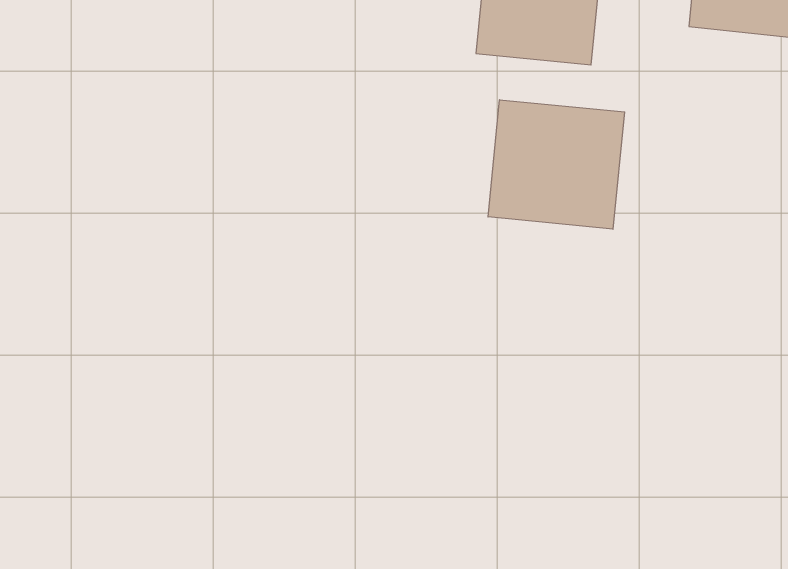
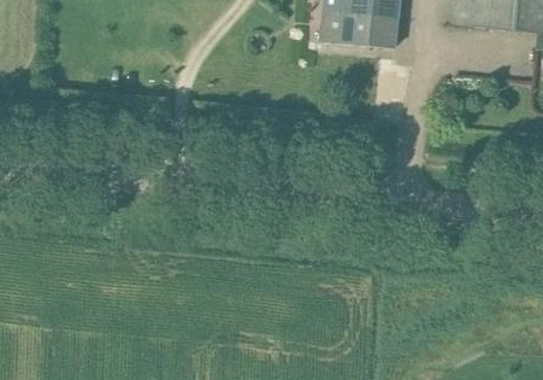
building: [488,100,625,229] -> none

